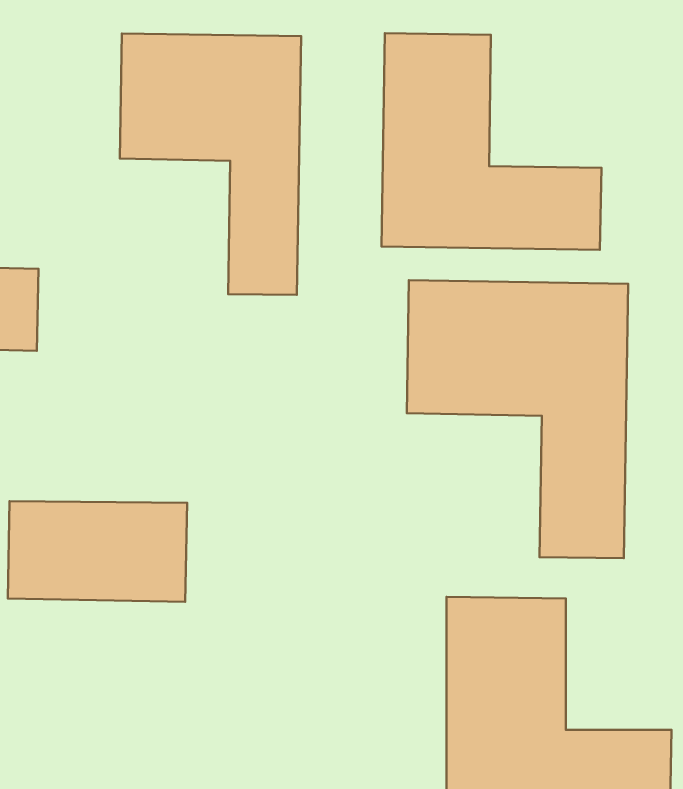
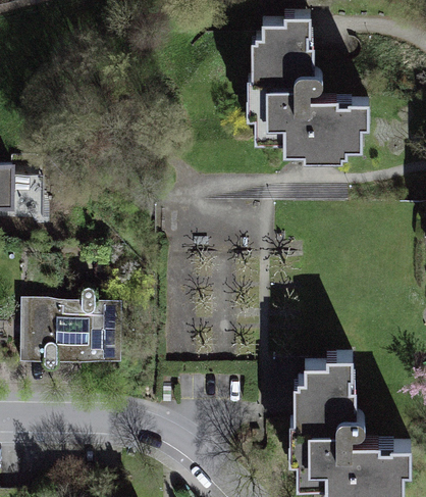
building: [120,33,301,295] -> none
building: [407,280,628,558] -> none

